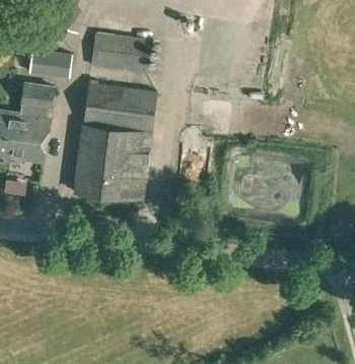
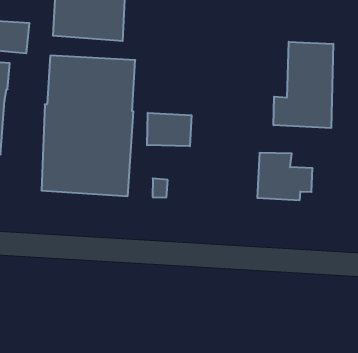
building: none -> [274,42,333,128]
building: none -> [147,113,192,146]

